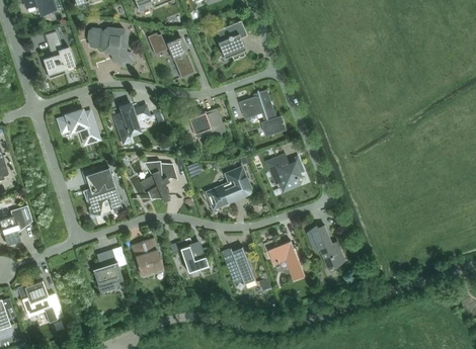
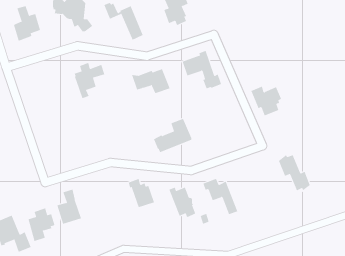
building: [58,110,99,145] -> none
building: [267,156,304,191] -> [250,86,282,116]
building: [139,161,177,198] -> none
building: [82,168,123,219] -> none
building: [308,226,345,268] -> [278,155,310,191]
building: [131,238,163,275] -> none
building: none -> [28,207,55,242]

